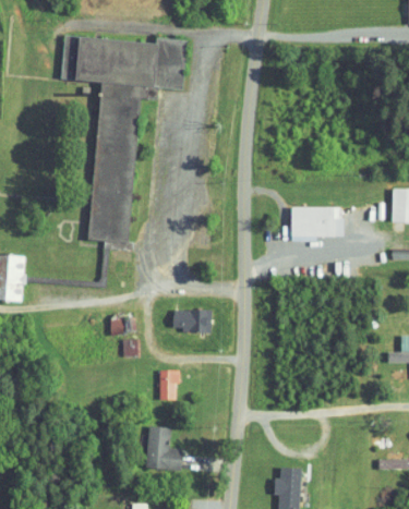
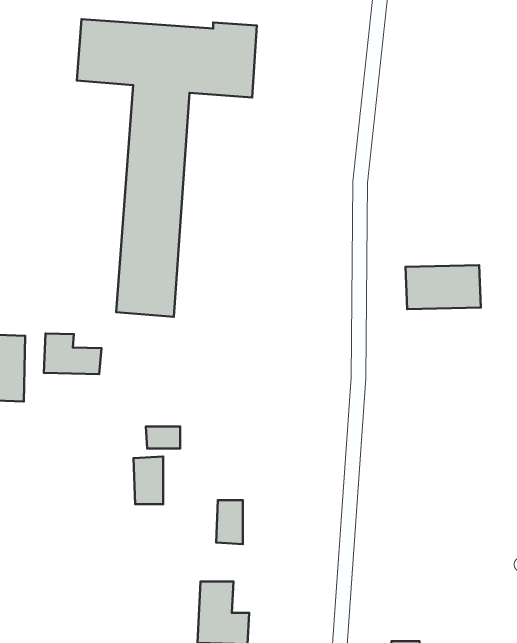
building: none -> [44,333,101,374]
building: [172,310,212,332] -> none
building: none -> [134,457,163,504]

